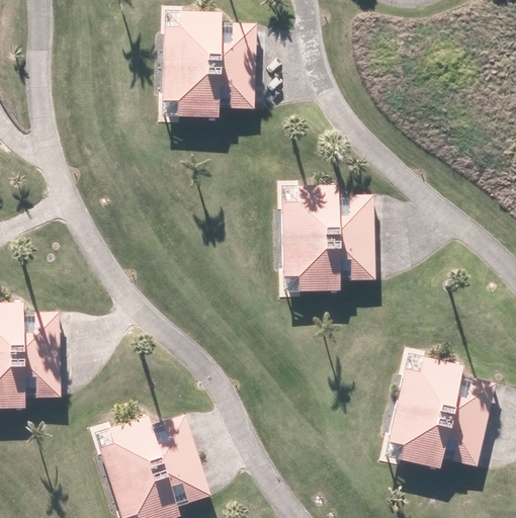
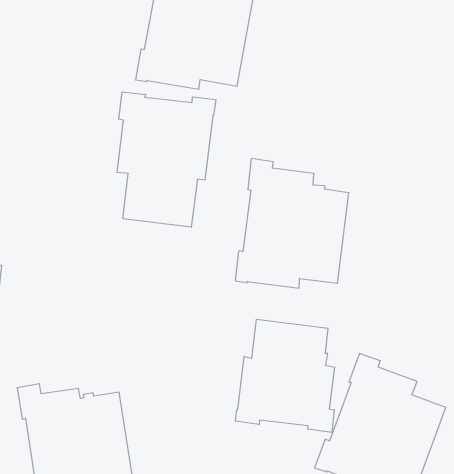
building: none -> [117,92,216,227]
building: none -> [236,319,335,433]

